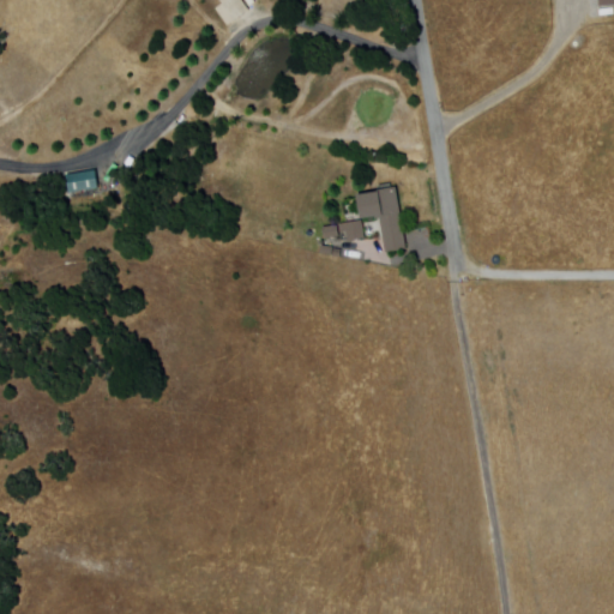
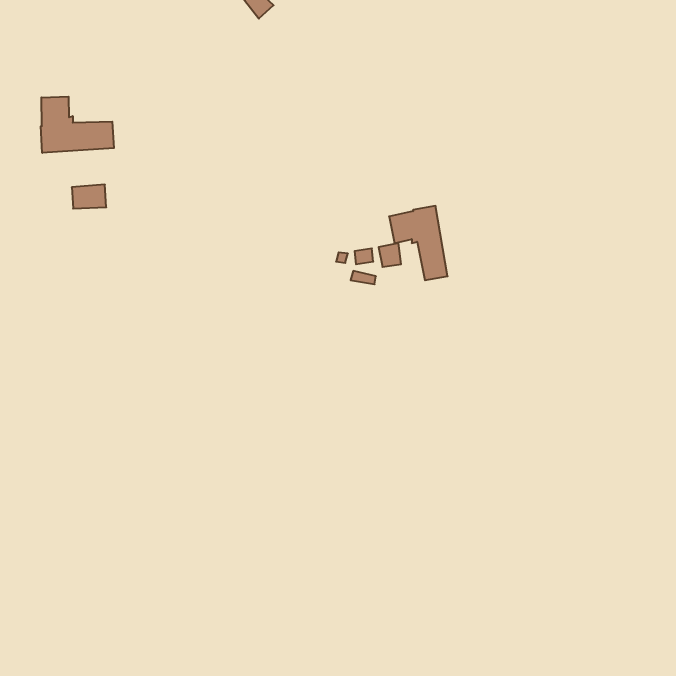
building: none -> [41,97,114,153]

